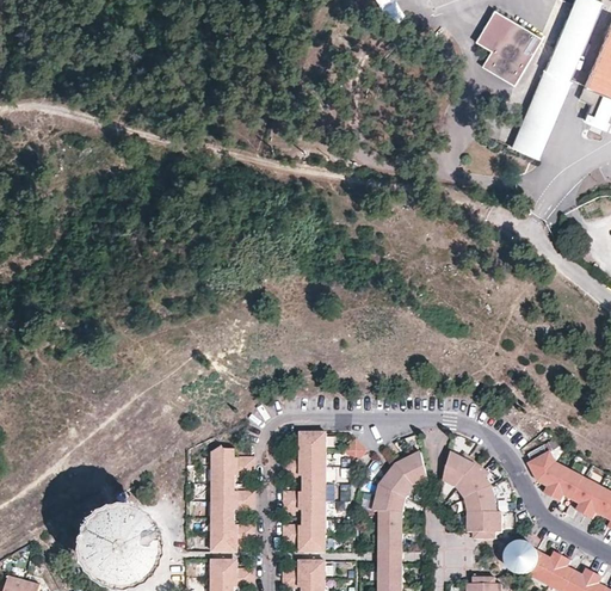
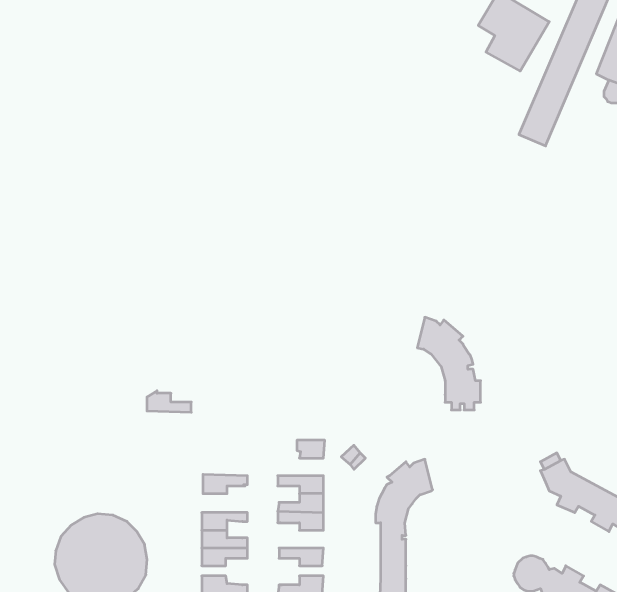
building: [212,447,254,467] -> [147,391,191,412]
building: [283,450,326,467] -> none
building: [443,451,502,538] -> [417,317,481,410]
building: [211,484,254,501] -> none
building: [284,518,326,535] -> none

